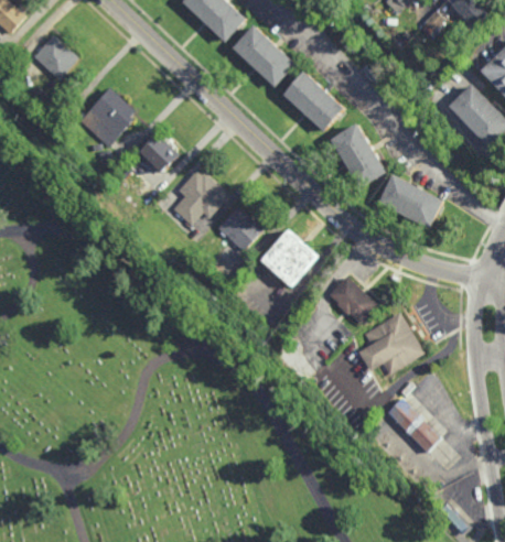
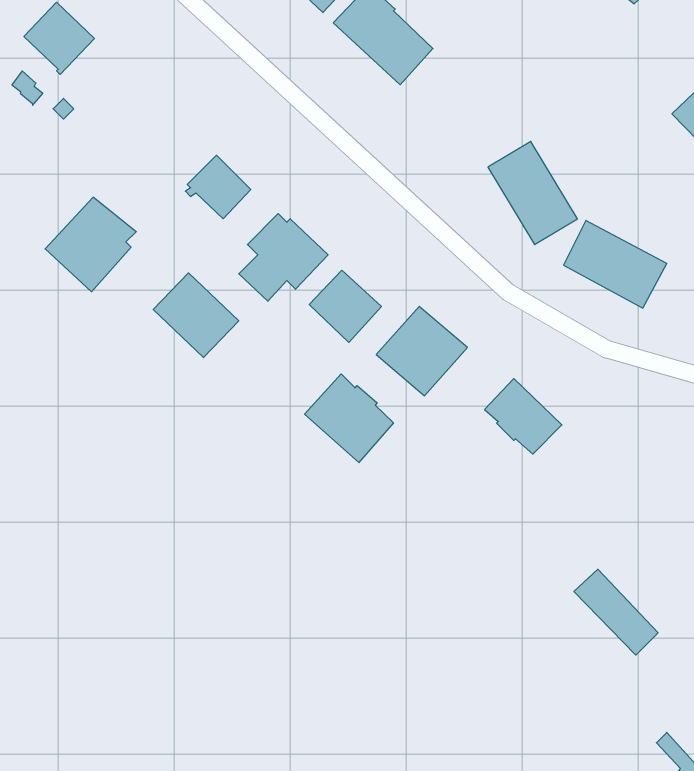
building: [281,71,344,132] -> none
building: [77,87,136,148] -> [45,197,136,292]
building: none -> [153,273,239,358]
building: none -> [305,374,393,463]
building: [355,312,422,375] -> none

